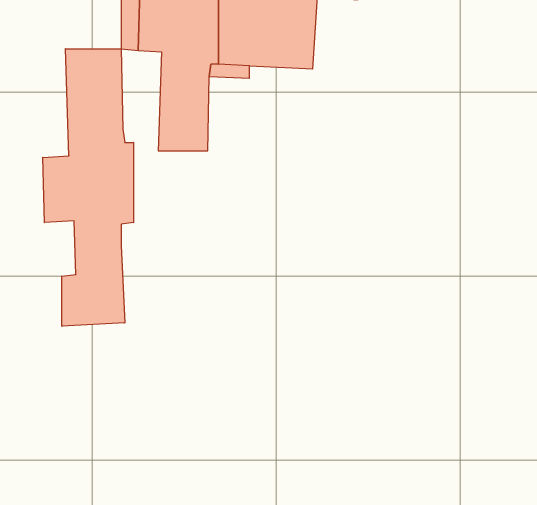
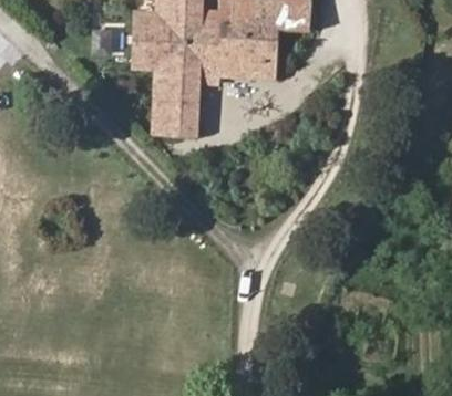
building: [43,49,133,326] -> none

